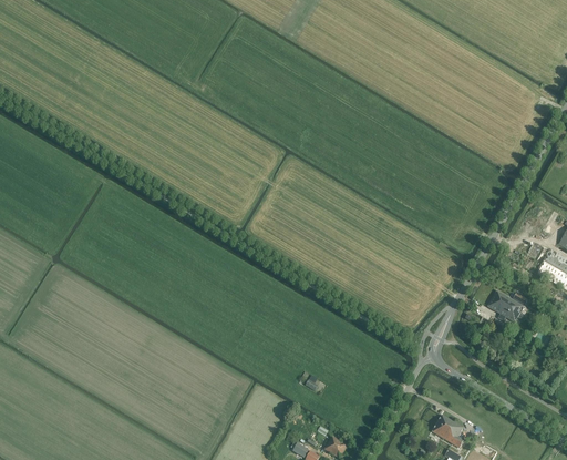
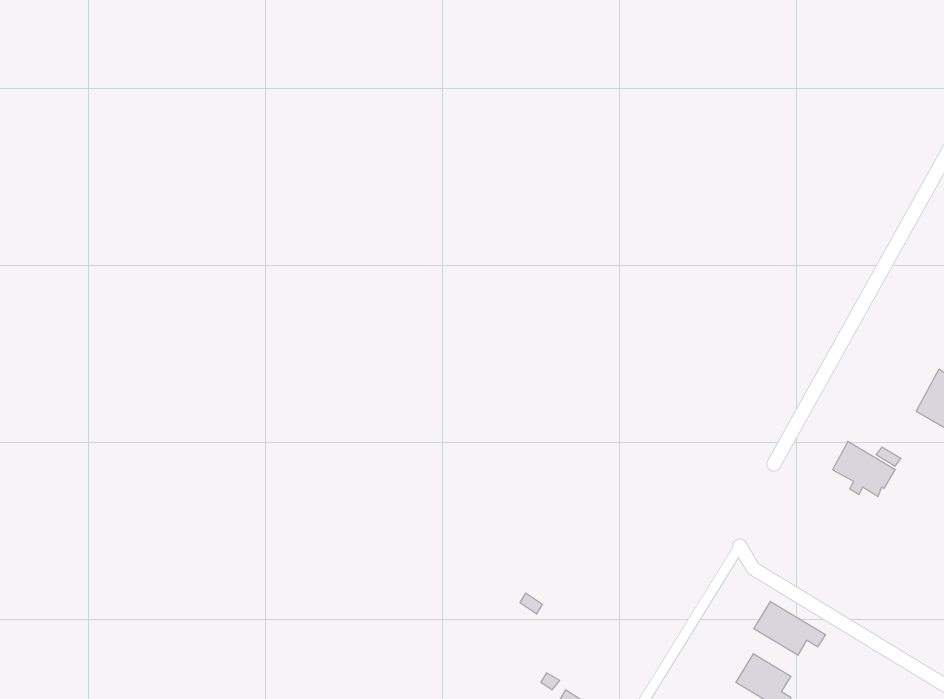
building: none -> [754,601,825,655]

